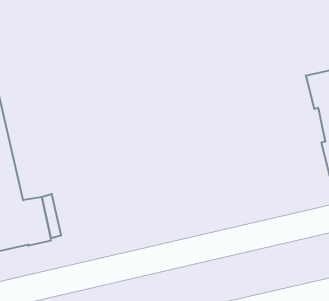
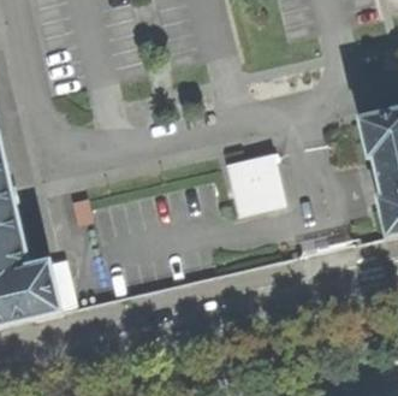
building: none -> [227,158,277,212]

